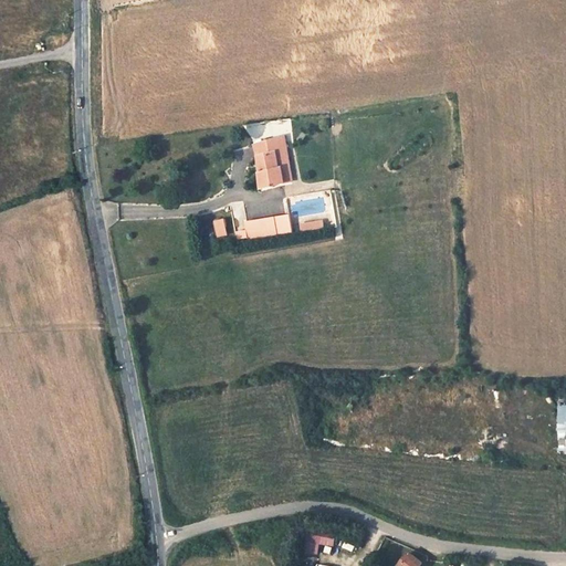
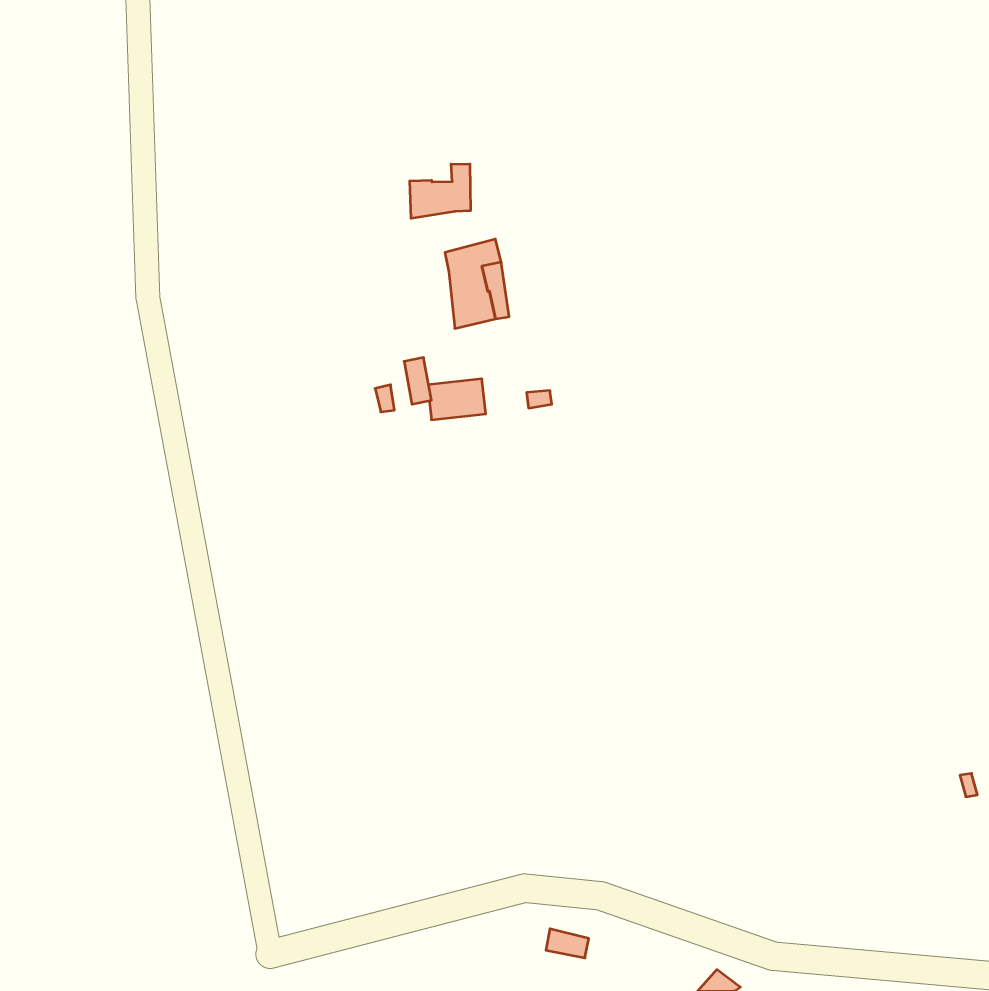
building: none -> [410,164,470,218]

